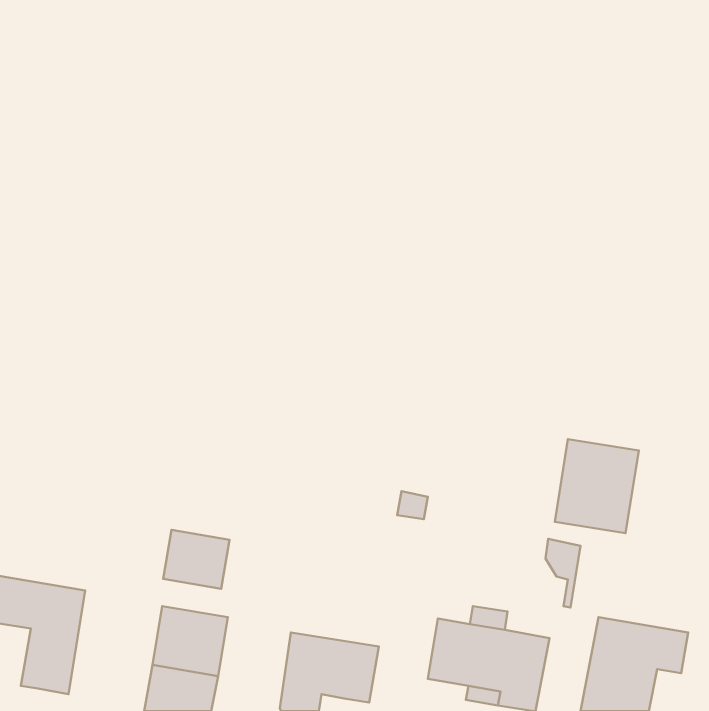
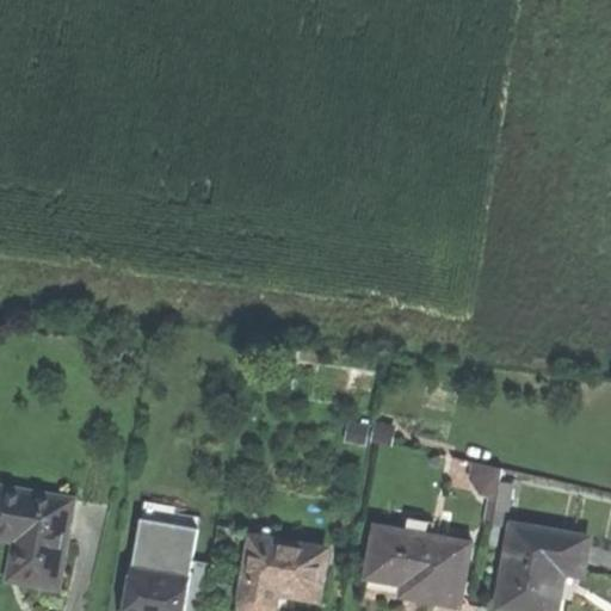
building: [555,439,639,533] -> none
building: [163,530,230,589] -> none

